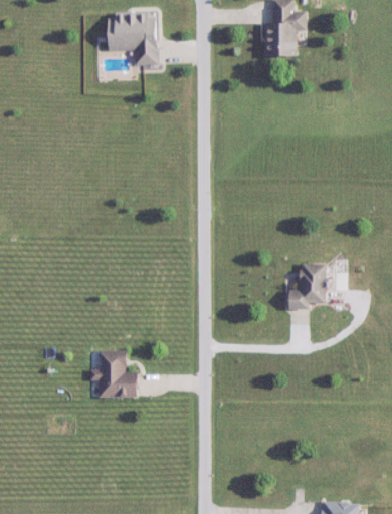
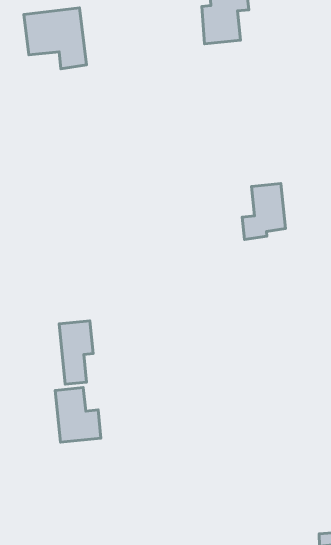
building: [288,263,326,309] -> [242,184,285,239]
building: none -> [59,321,93,384]

